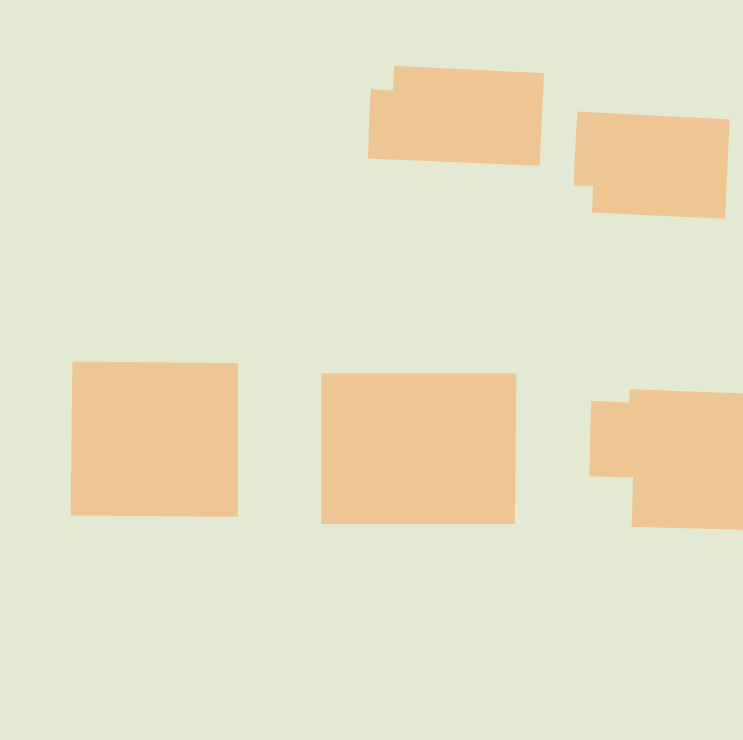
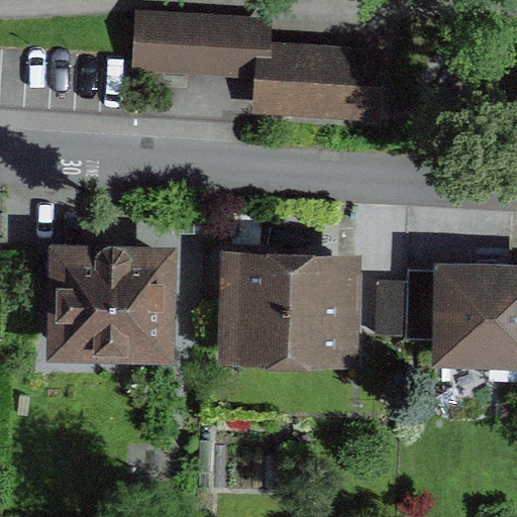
building: none -> [132,10,275,79]
building: [573,111,730,219] -> none

